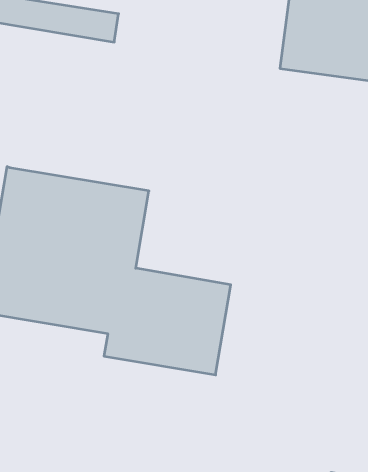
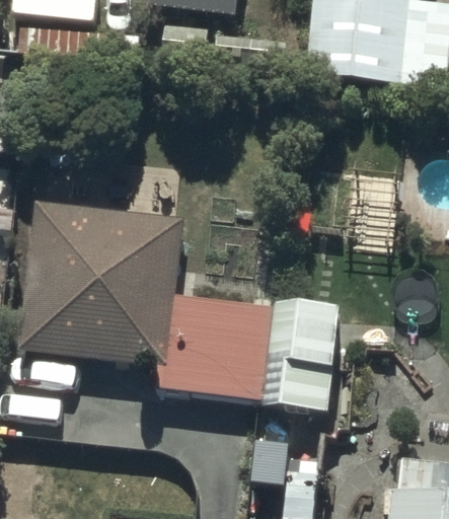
building: none -> [265,303,336,401]

